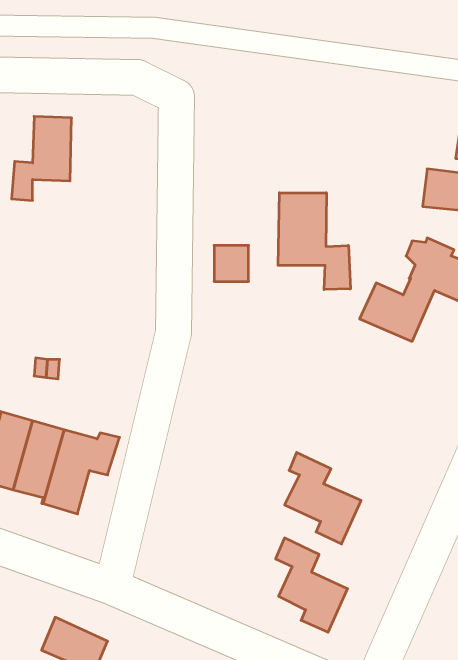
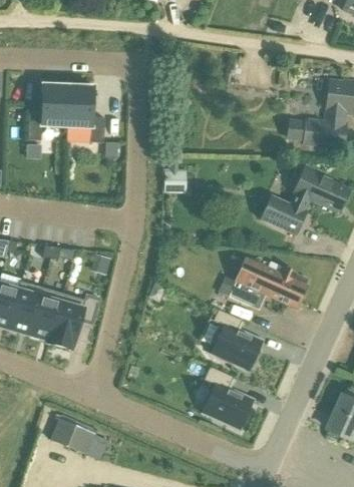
building: none -> [66,84,104,141]
building: [278,193,350,290] -> none
building: none -> [228,257,308,307]

